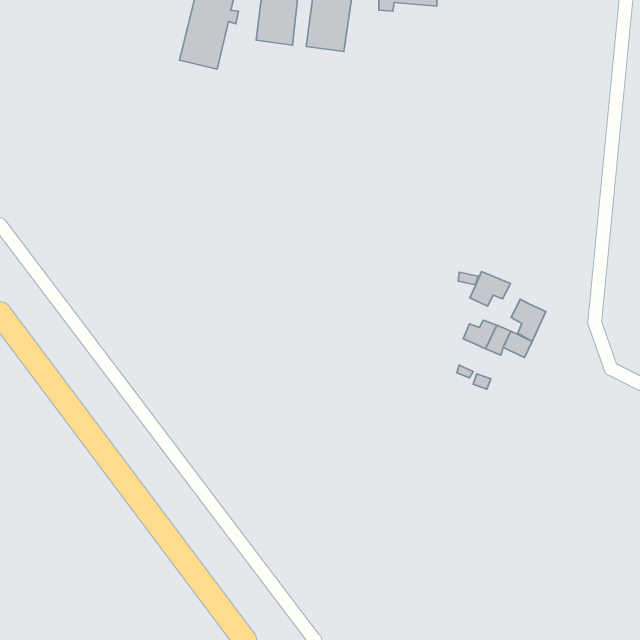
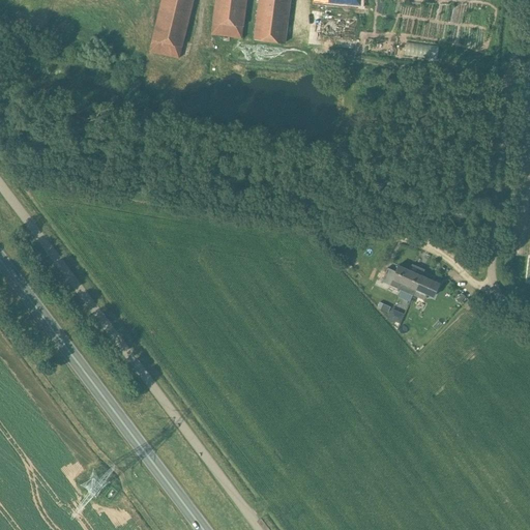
building: [470,271,511,306] -> none
building: [511,299,546,341] -> none

